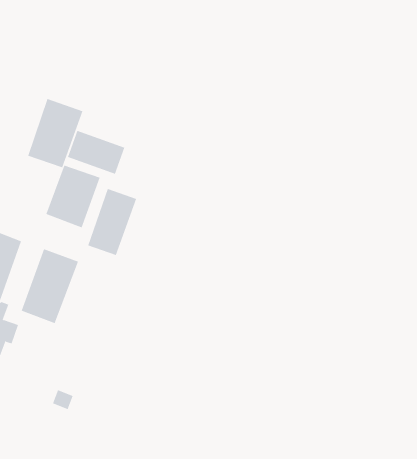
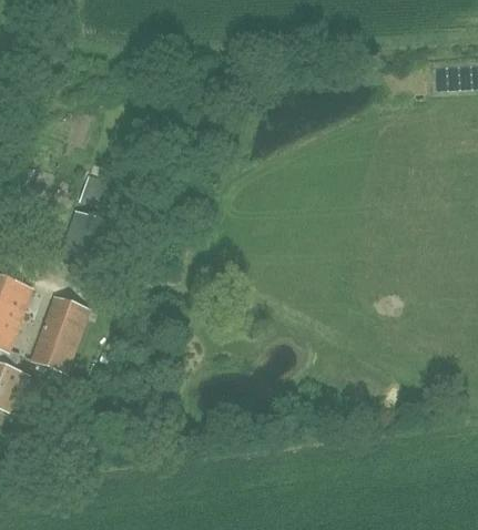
building: [28,98,83,168] -> none
building: [88,188,137,256] -> none

